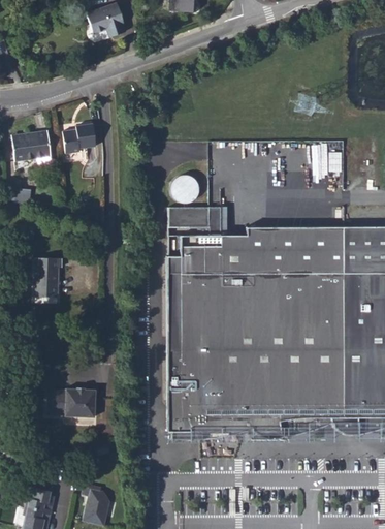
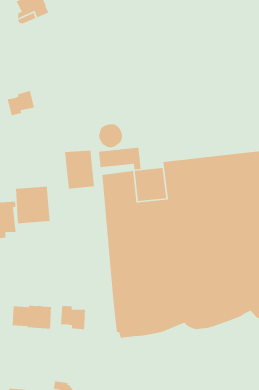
building: none -> [64,150,95,190]
building: none -> [15,186,50,224]
building: none -> [60,305,86,330]

